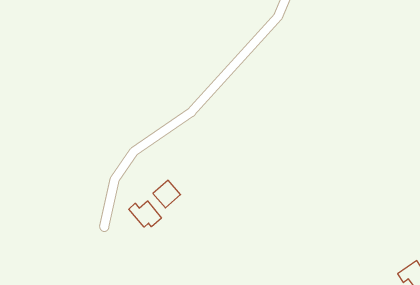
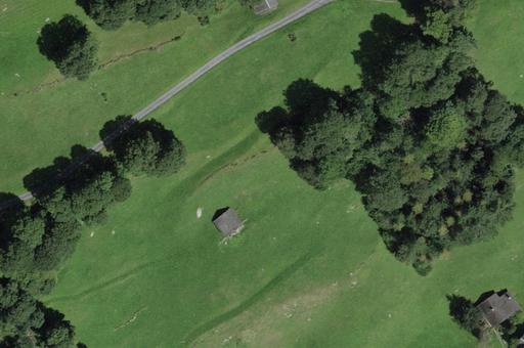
building: [129,201,161,227] -> none

